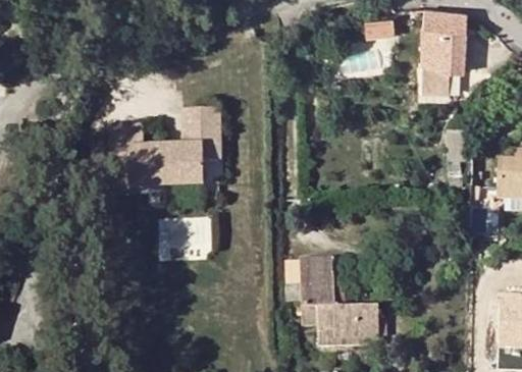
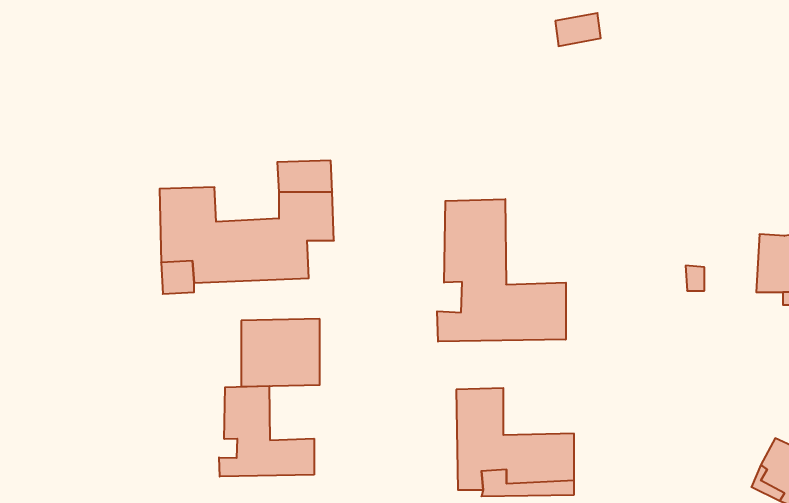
building: [422,15,467,99] -> none
building: none -> [437,199,566,342]
building: none -> [219,386,314,477]

